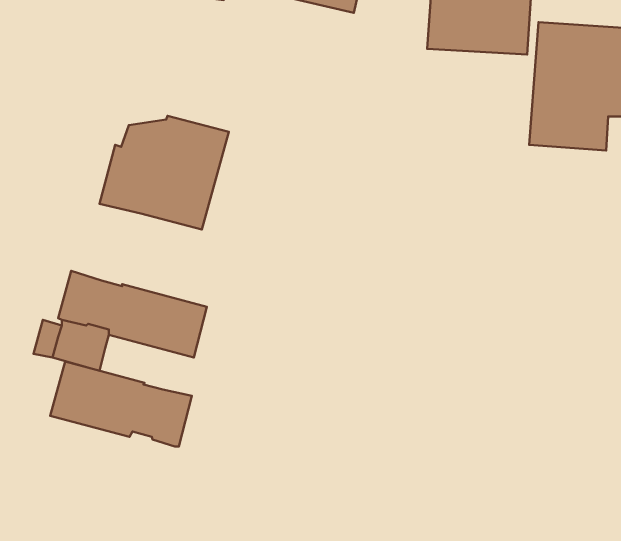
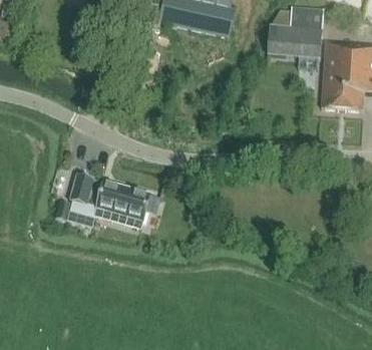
building: [100,116,229,230] -> none
building: [50,362,192,446] -> none

